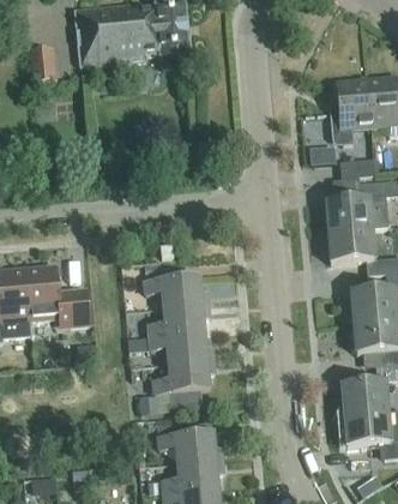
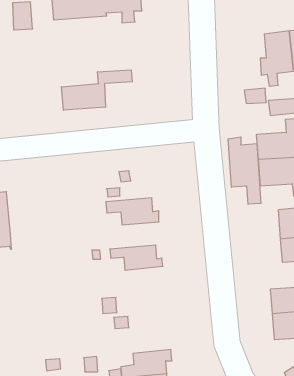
building: none -> [61,70,132,110]
building: none -> [228,137,261,204]
building: [25,266,89,326] -> none
building: [147,305,209,337] -> none
building: [152,358,213,392] -> none
building: [157,431,222,462] -> none

